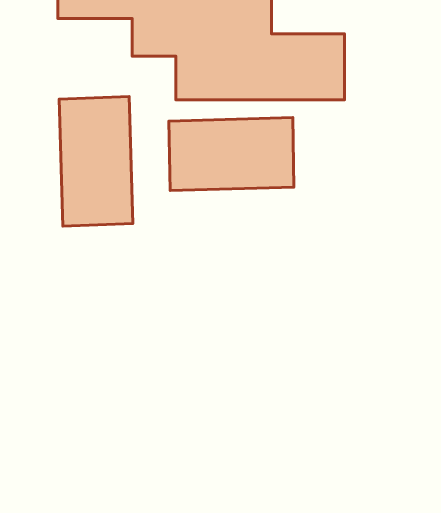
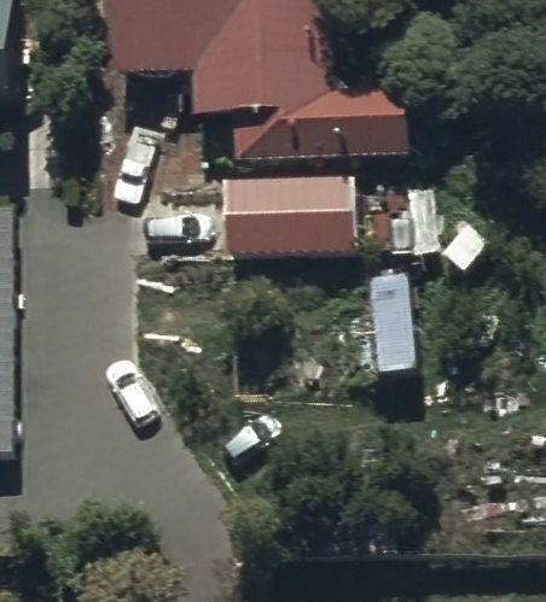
building: [59,96,133,226] -> none

